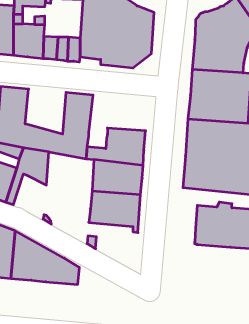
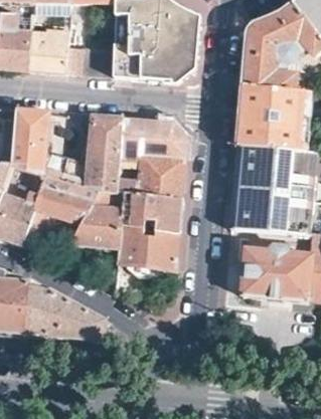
building: none -> [119,117,187,163]
building: none -> [65,184,125,257]

